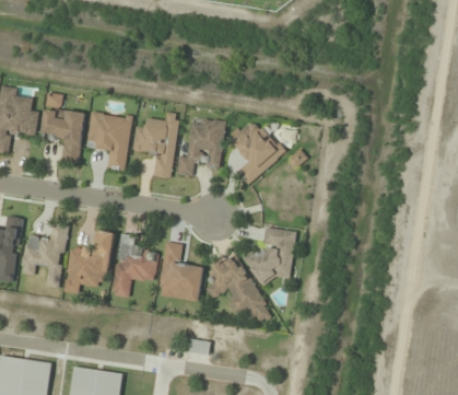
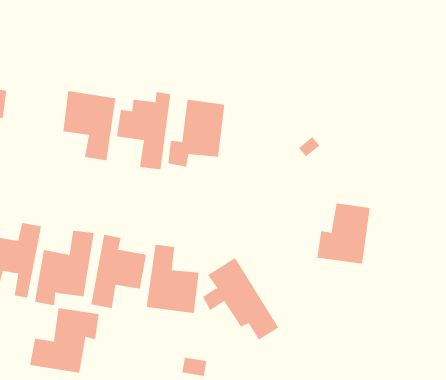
building: [40,92,85,163] -> none
building: [227,119,285,185] -> none
building: [249,228,295,280] -> [317,203,370,264]
building: none -> [30,308,99,373]

